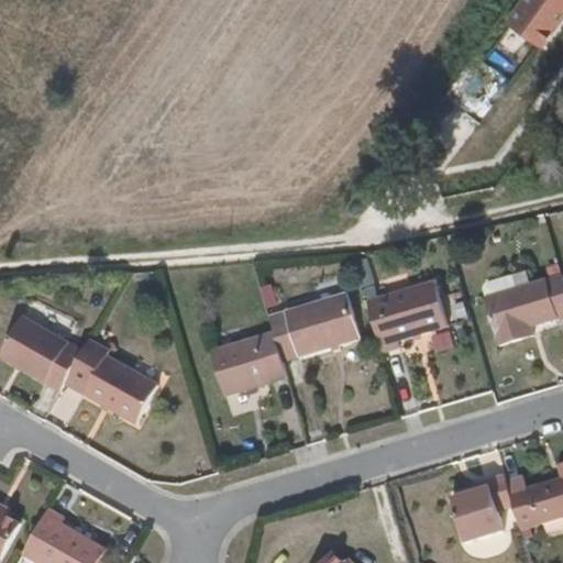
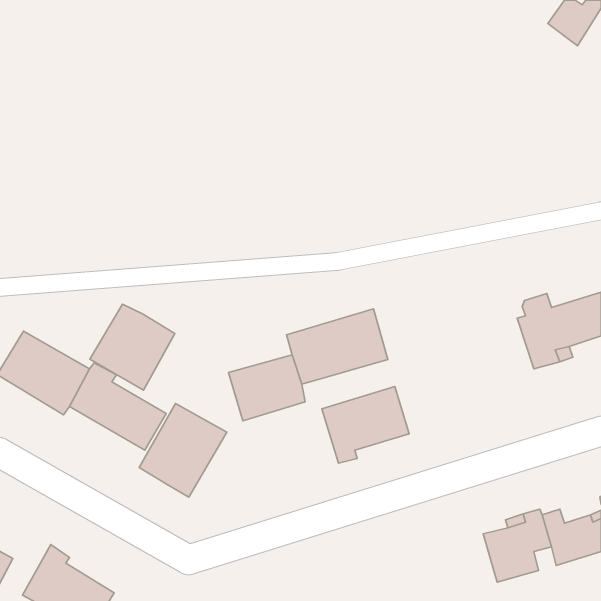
building: [365,279,446,351] -> [322,387,409,463]
building: none -> [90,304,175,390]
building: none -> [139,403,227,497]

